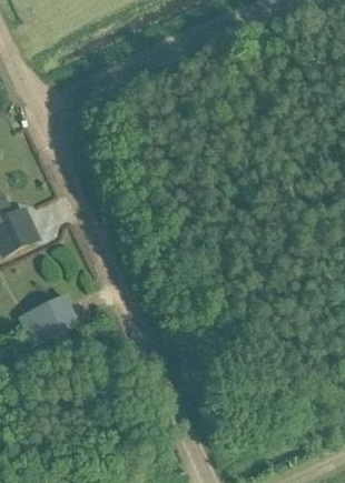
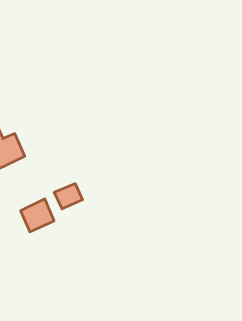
building: none -> [54,184,83,209]

